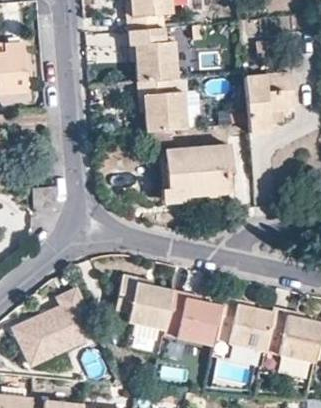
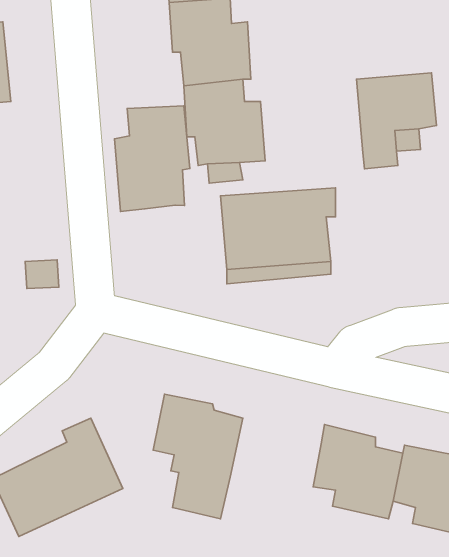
building: none -> [115,106,190,211]
building: [165,289,222,346] -> none

